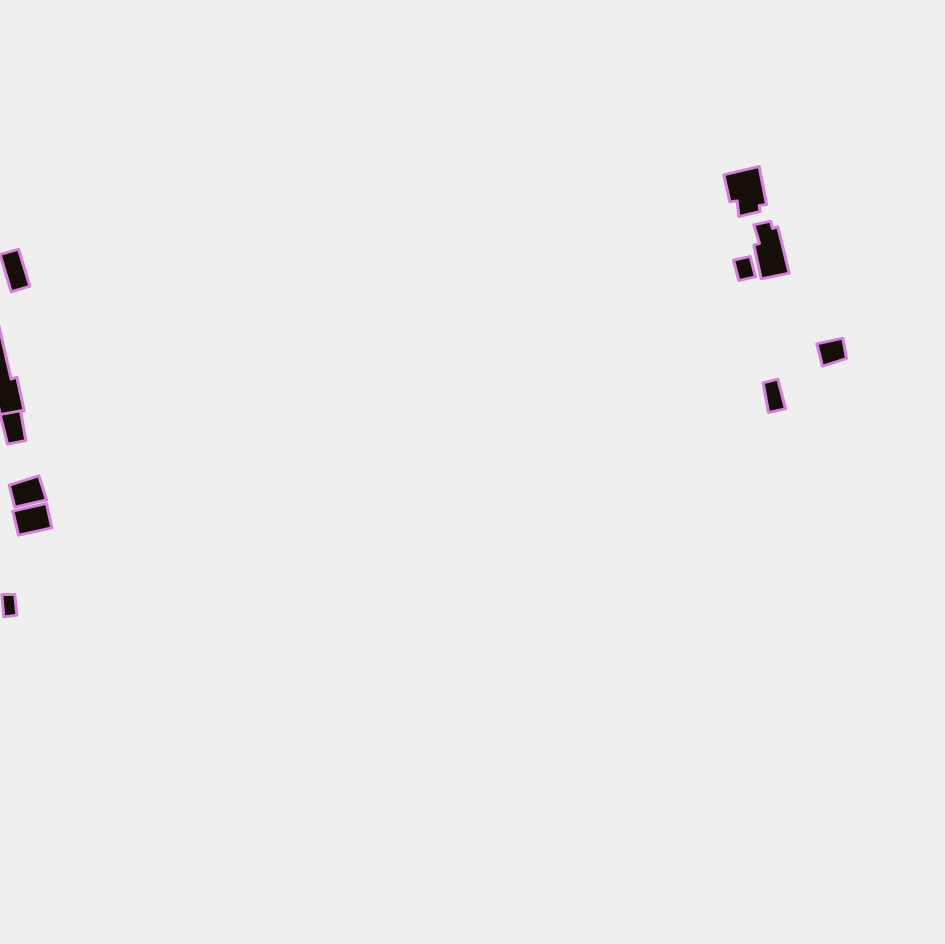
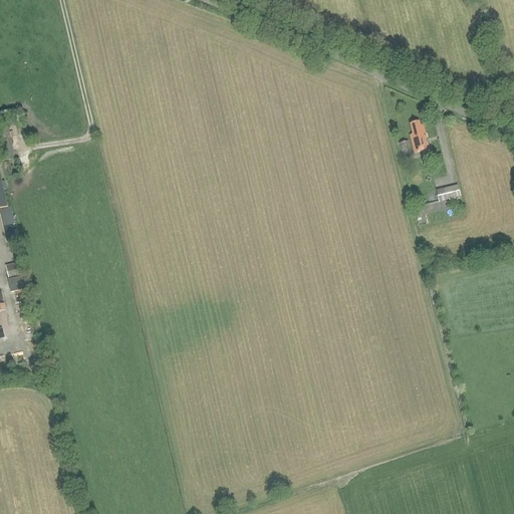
building: [724,167,767,216] -> none

